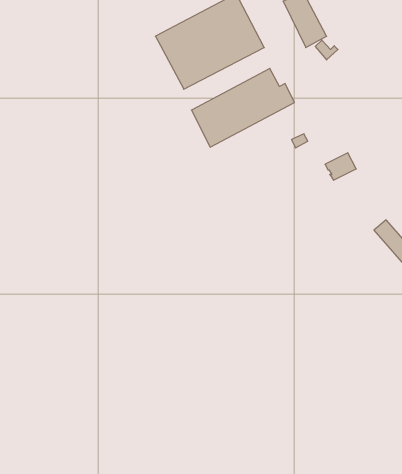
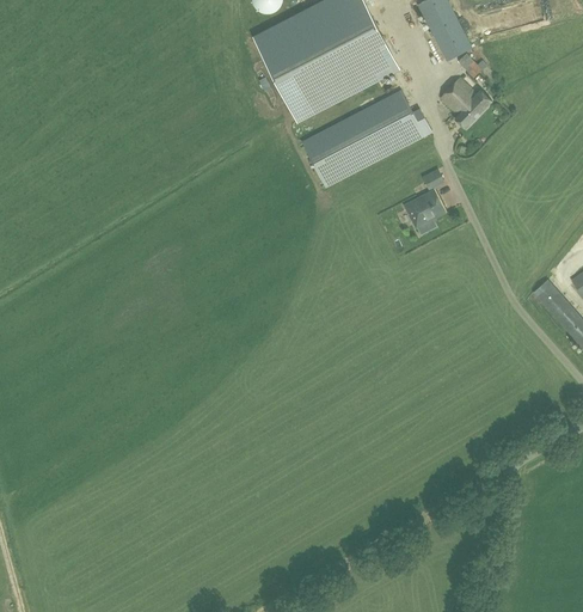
building: none -> [440,78,491,128]
building: [325,153,356,180] -> [405,191,444,226]

